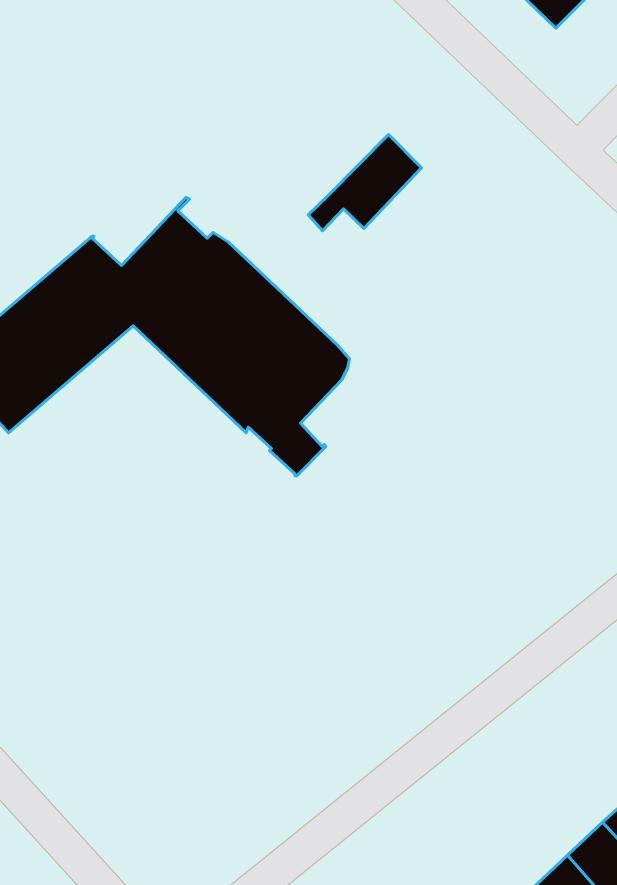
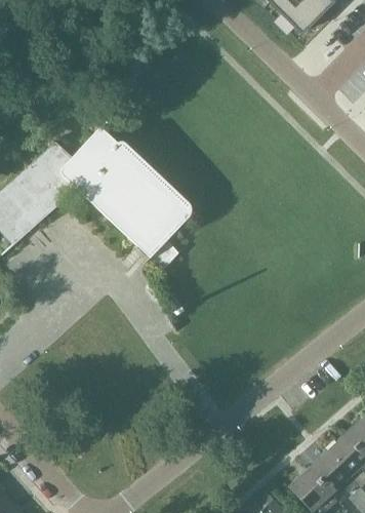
building: [308,134,422,231] -> none

